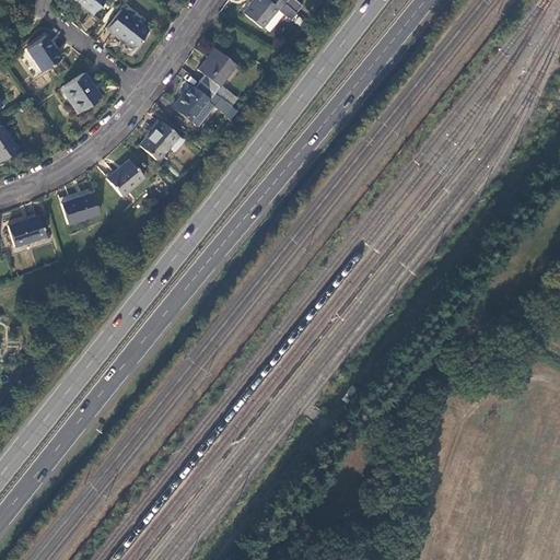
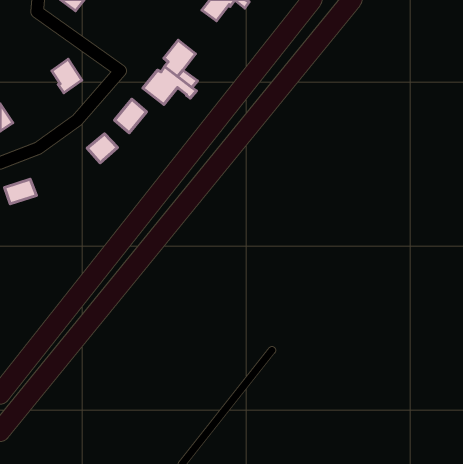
building: [107,8,148,48] -> none
building: [27,35,61,70] -> none
building: [60,194,97,223] -> none

